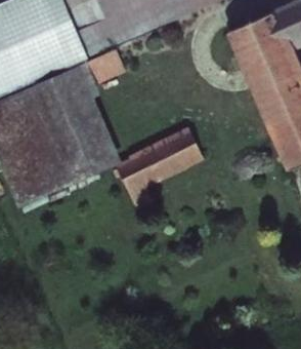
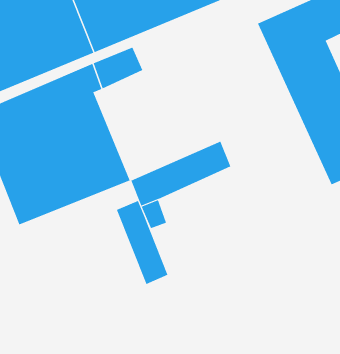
building: none -> [116,200,168,285]

